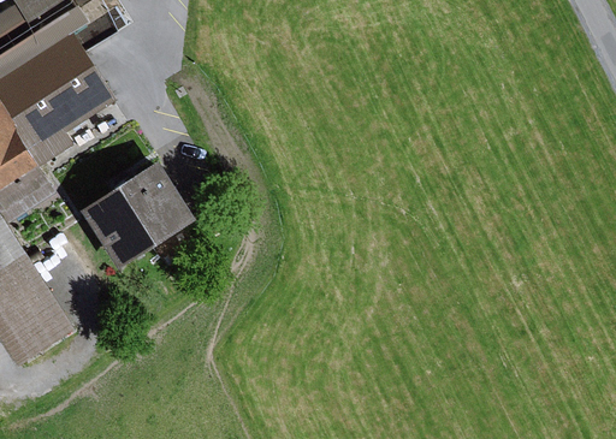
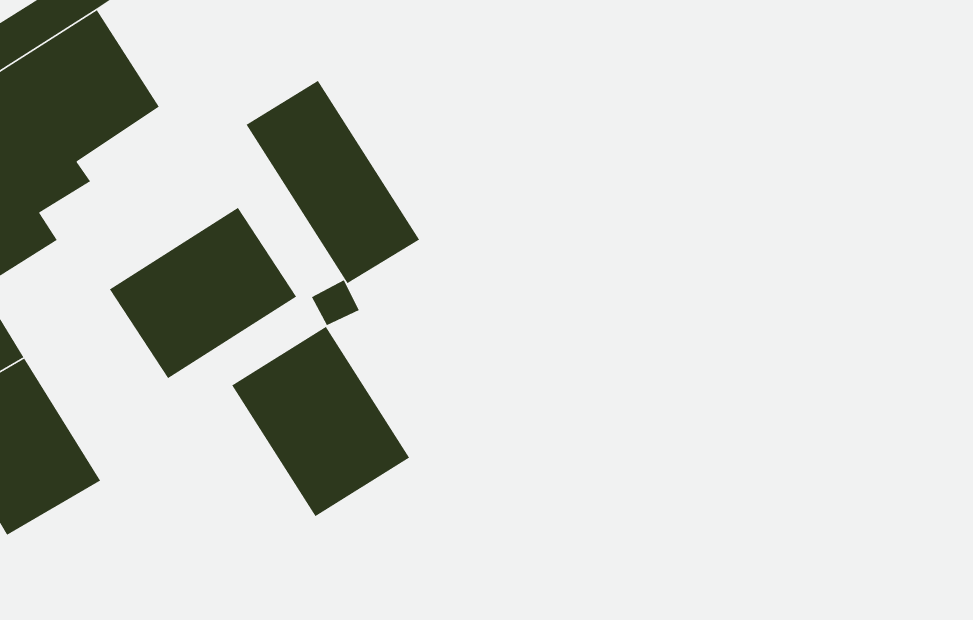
building: none -> [245,80,420,284]
building: none -> [231,326,410,517]

